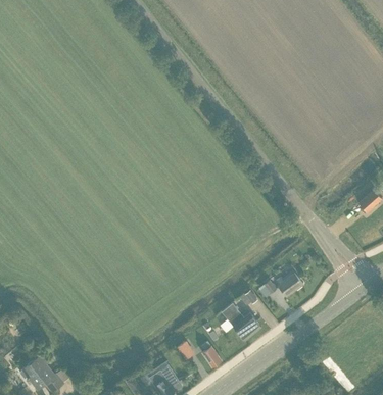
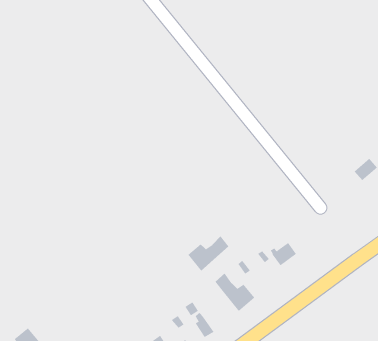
building: none -> [187,236,229,272]

